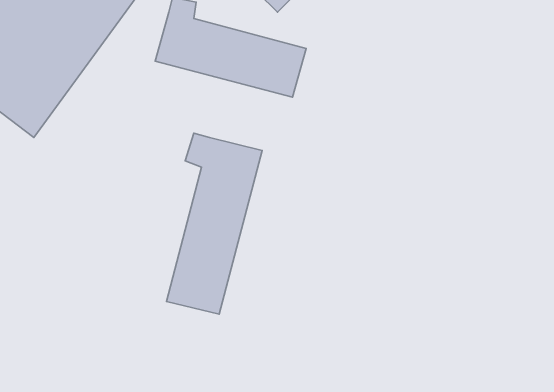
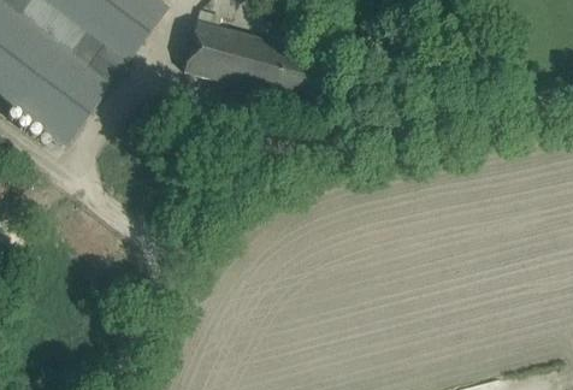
building: [166,133,262,314] -> none

